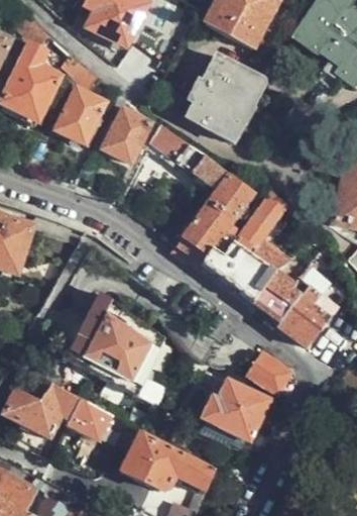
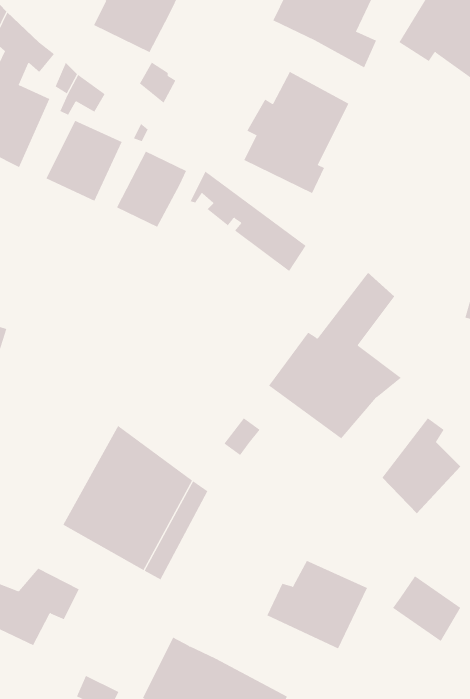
building: [171,173,250,265] -> none
building: [251,273,308,328] -> none
building: [244,350,289,394] -> [392,576,461,642]
building: [67,399,110,440] -> none

